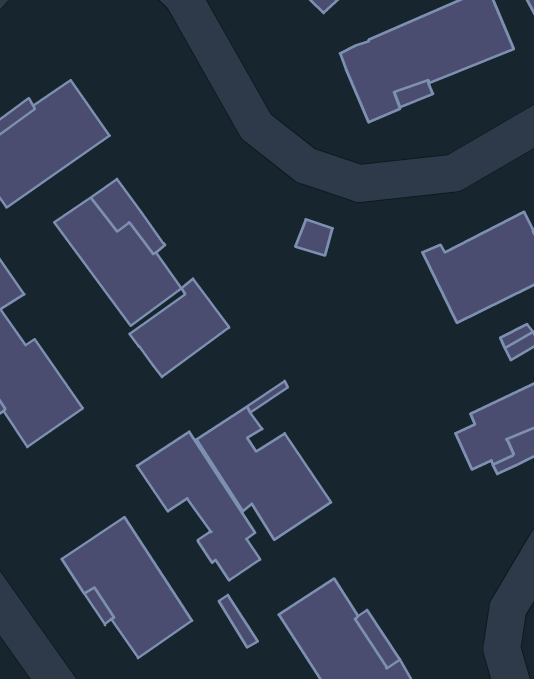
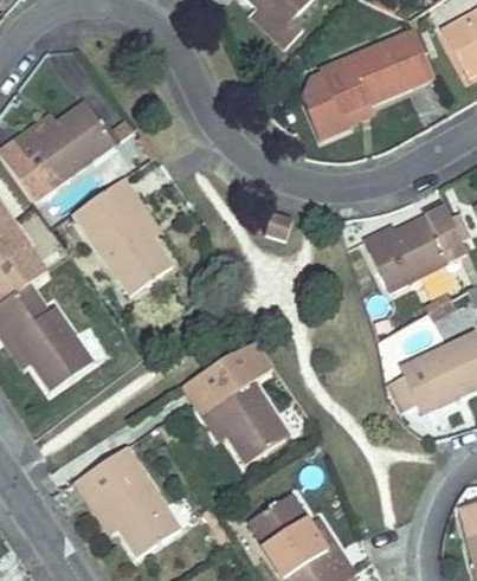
building: [130,279,229,377] -> none
building: [137,432,260,580] -> none

